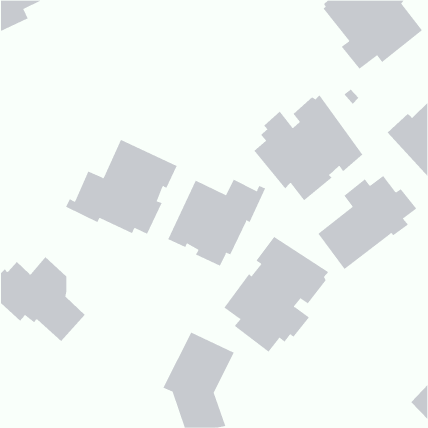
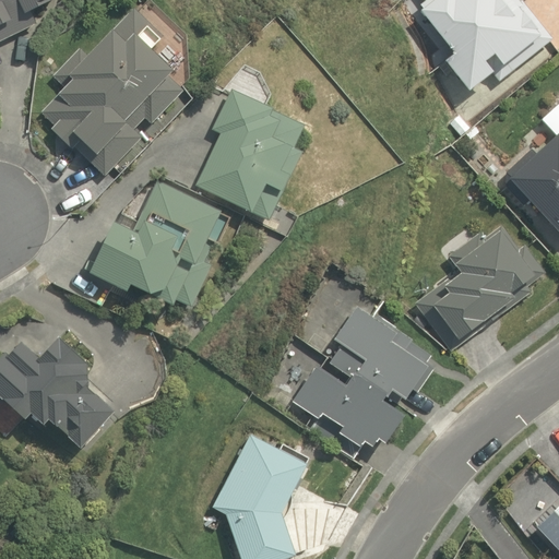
building: none -> [40,8,183,176]
building: none -> [195,88,302,217]
building: [254,95,363,201] -> none
building: [168,179,266,267] -> none

